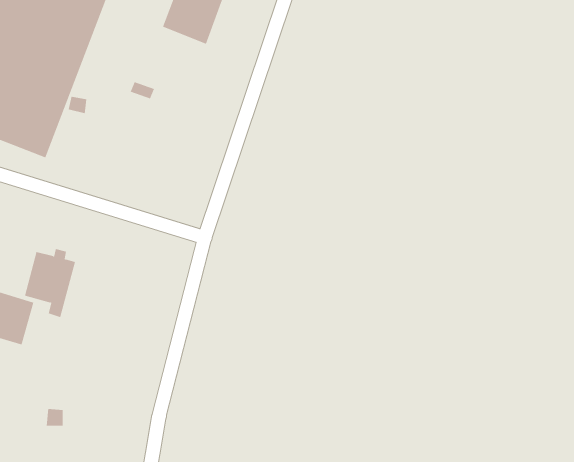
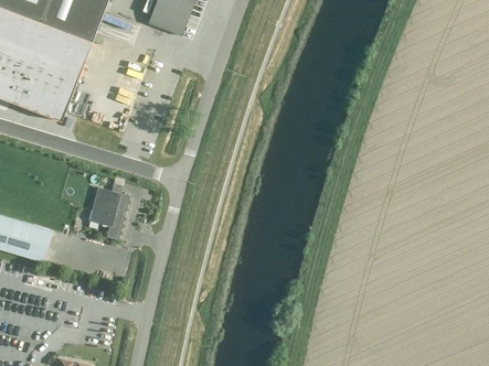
building: [24,249,76,318] -> [88,185,127,237]

